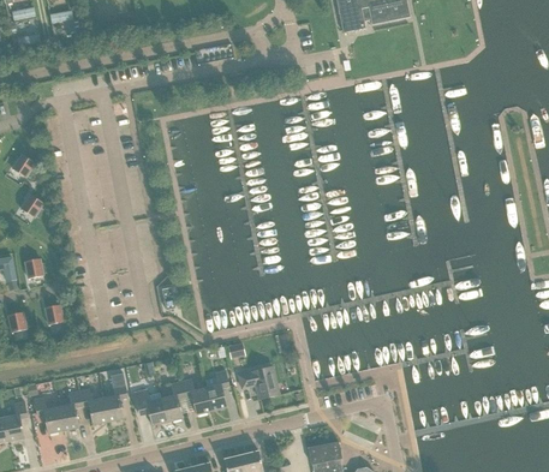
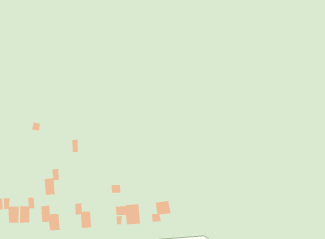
building: none -> [152,200,171,223]
building: [205,370,228,411] -> none
building: [161,381,184,422] -> [44,169,60,195]

